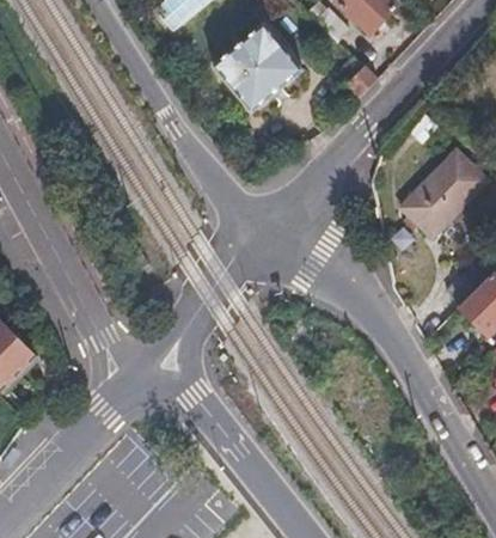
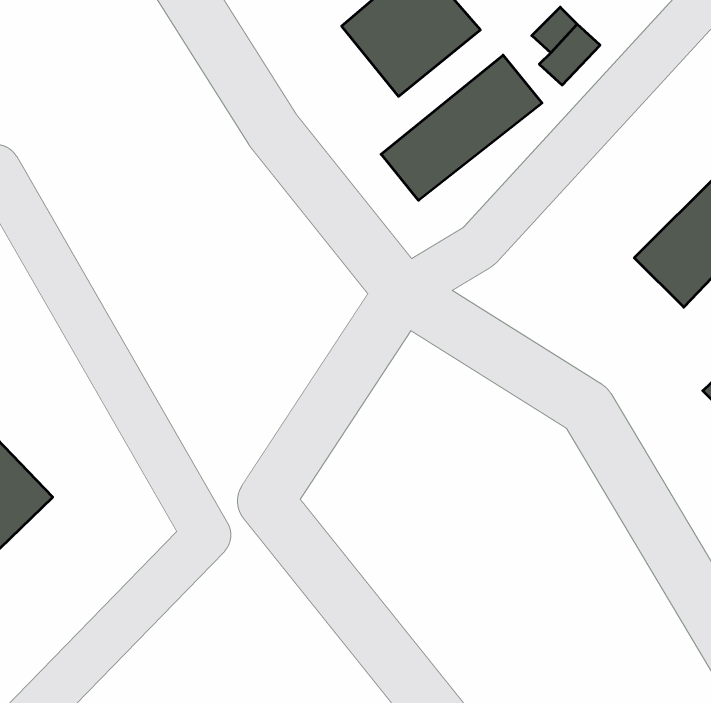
building: none -> [381,55,542,200]

